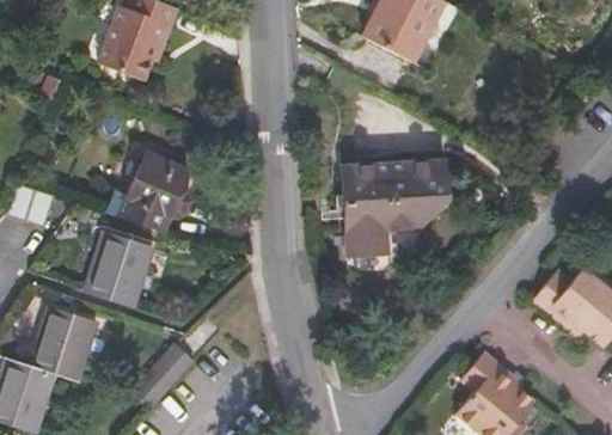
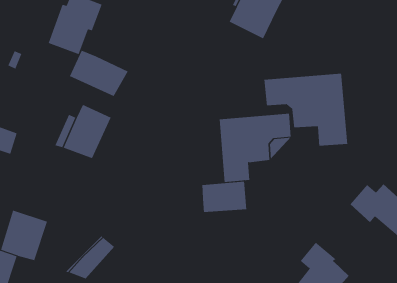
building: none -> [69,50,128,97]
building: none -> [264,73,348,147]
building: [85,232,153,305] -> none
building: none -> [202,181,247,213]

